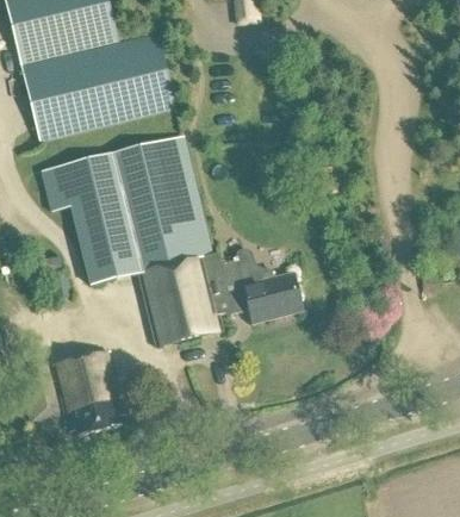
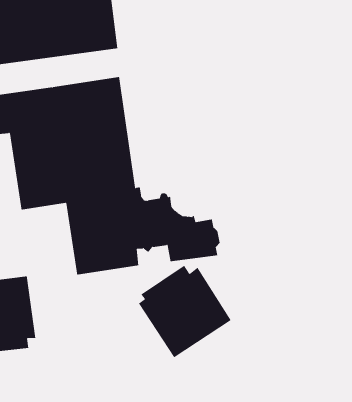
building: none -> [138,265,232,358]

